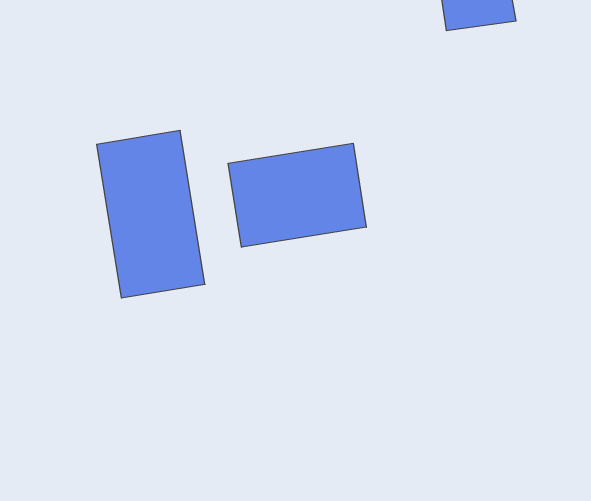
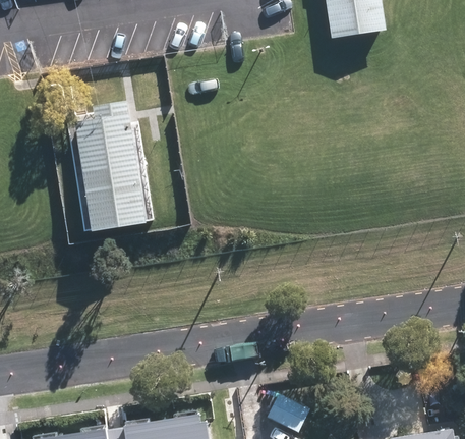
building: [228,143,366,247] -> none

